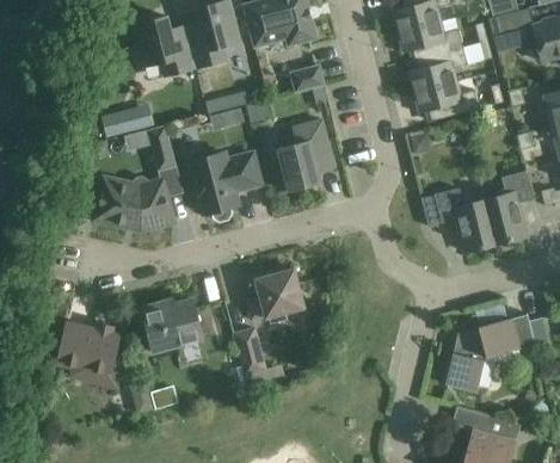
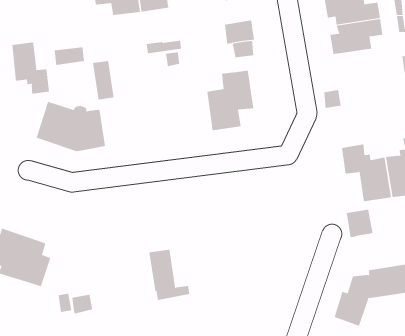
building: [414,80,480,119] -> none
building: none -> [12,42,50,94]
building: [190,150,261,218] -> none
building: none -> [346,209,373,238]
building: [246,267,304,322] -> none
building: [143,298,203,350] -> none

